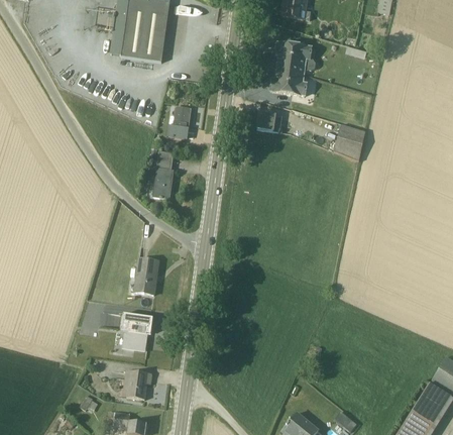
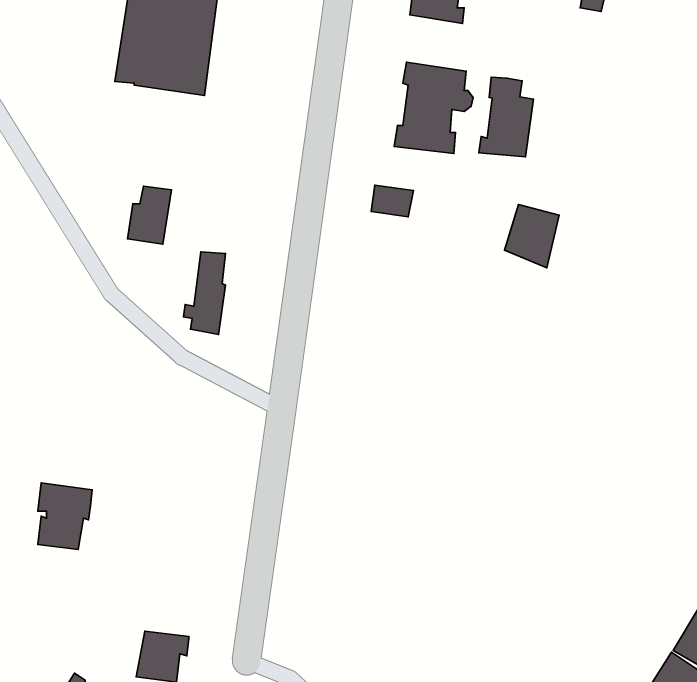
building: none -> [479,77,534,157]
building: [166,105,192,138] -> [128,186,171,244]
building: [130,257,157,294] -> none
building: [122,313,153,351] -> [38,483,92,550]

